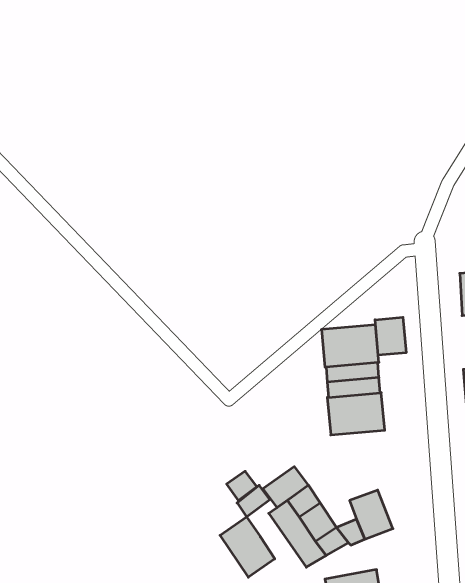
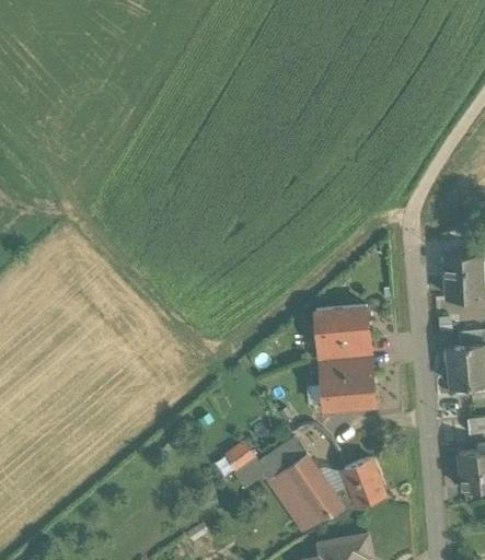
building: [375,317,406,355] -> none
building: [220,517,275,577] -> none

